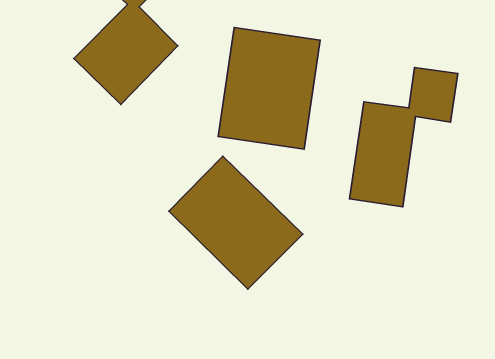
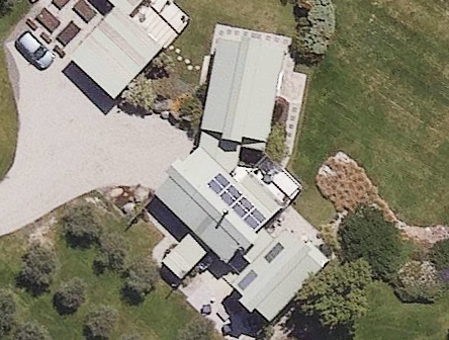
building: [350,68,458,207] -> none
building: none -> [232,222,326,317]

